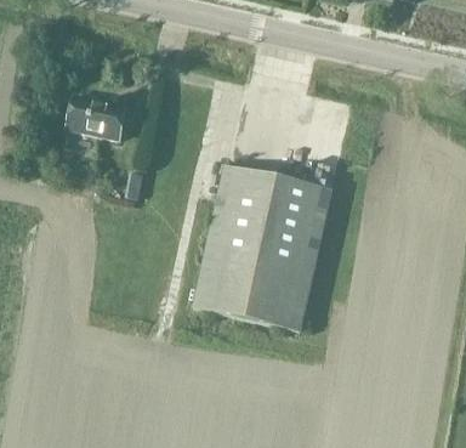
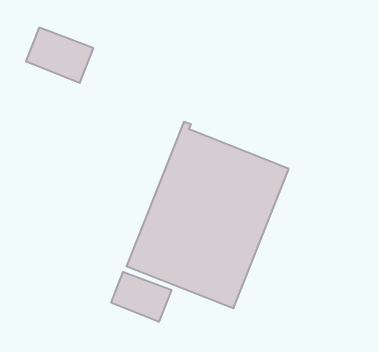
building: none -> [111,272,171,322]

